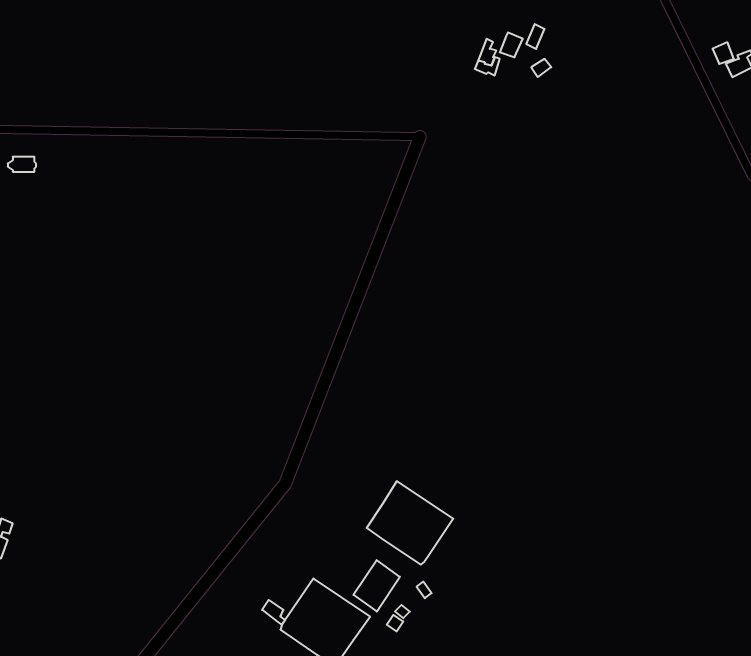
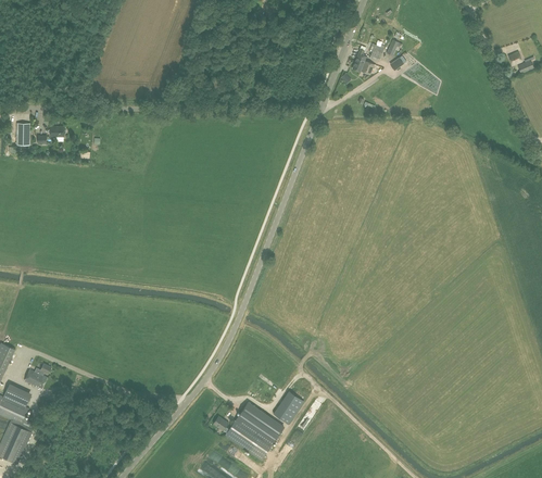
building: [367,481,453,565] -> none

